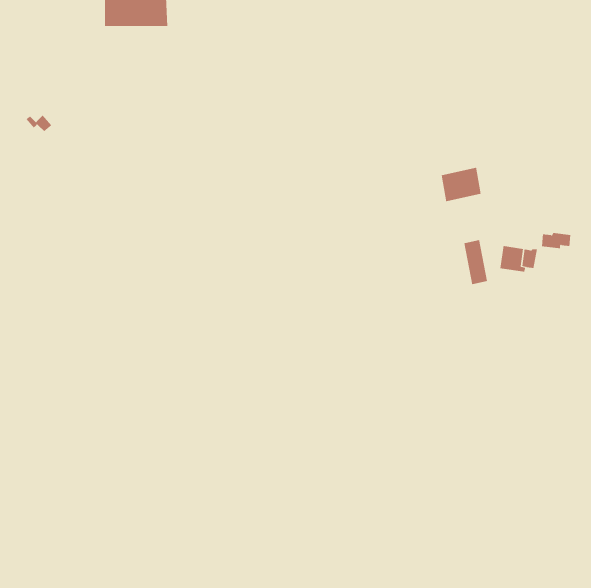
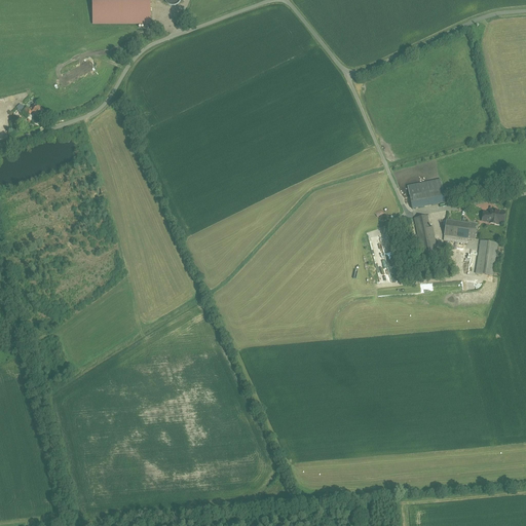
building: [441,167,481,202] -> [409,177,445,208]
building: none -> [476,238,500,273]

